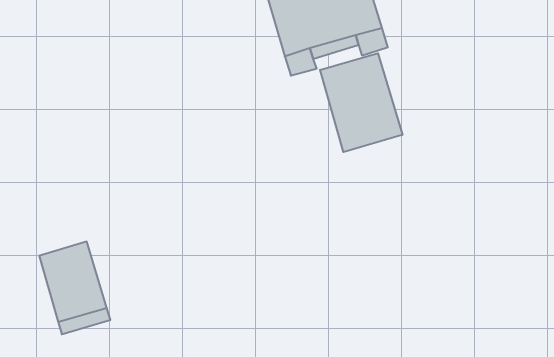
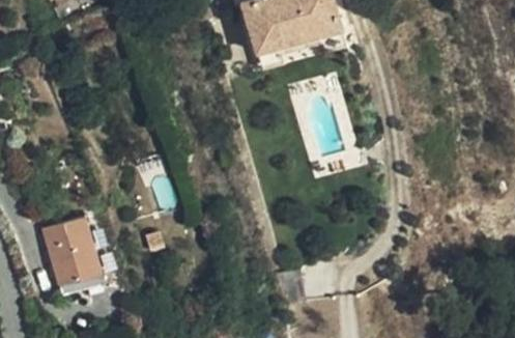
building: [320,53,402,152] -> none

